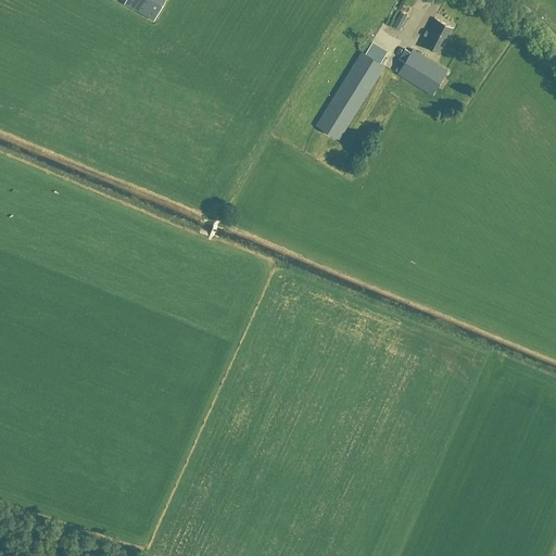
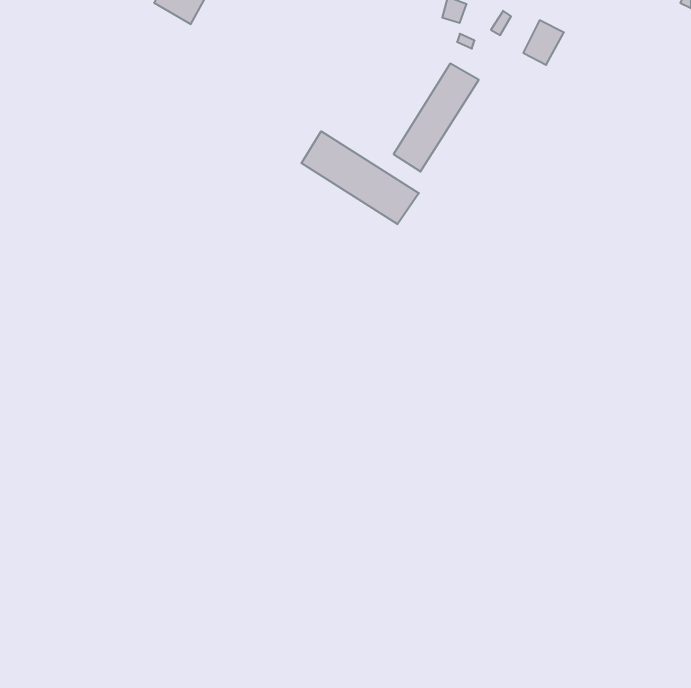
building: [397,48,446,94] -> none
building: none -> [301,131,419,224]

